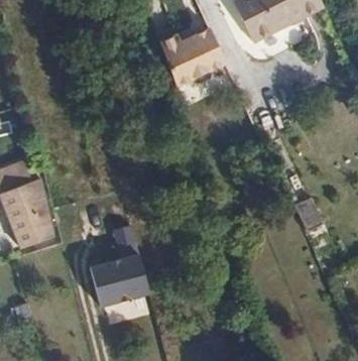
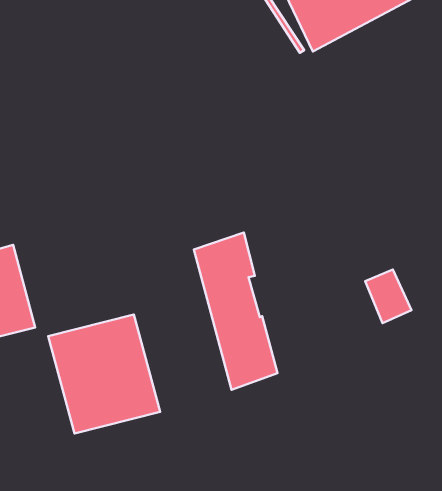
building: [160,26,226,85] -> none
building: none -> [194,232,278,390]

